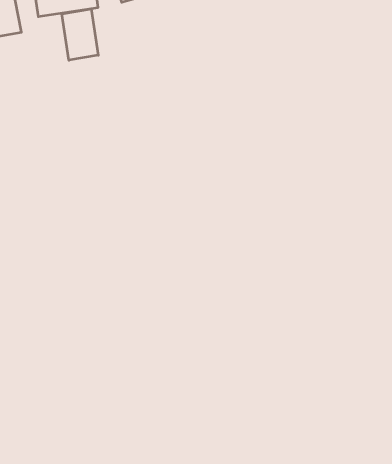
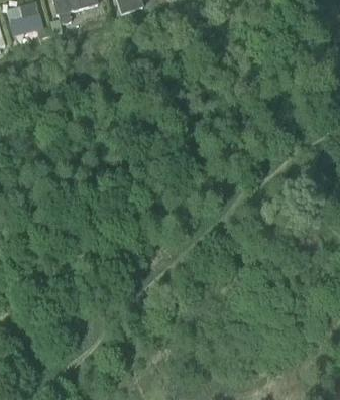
building: [62,9,98,60] -> none

